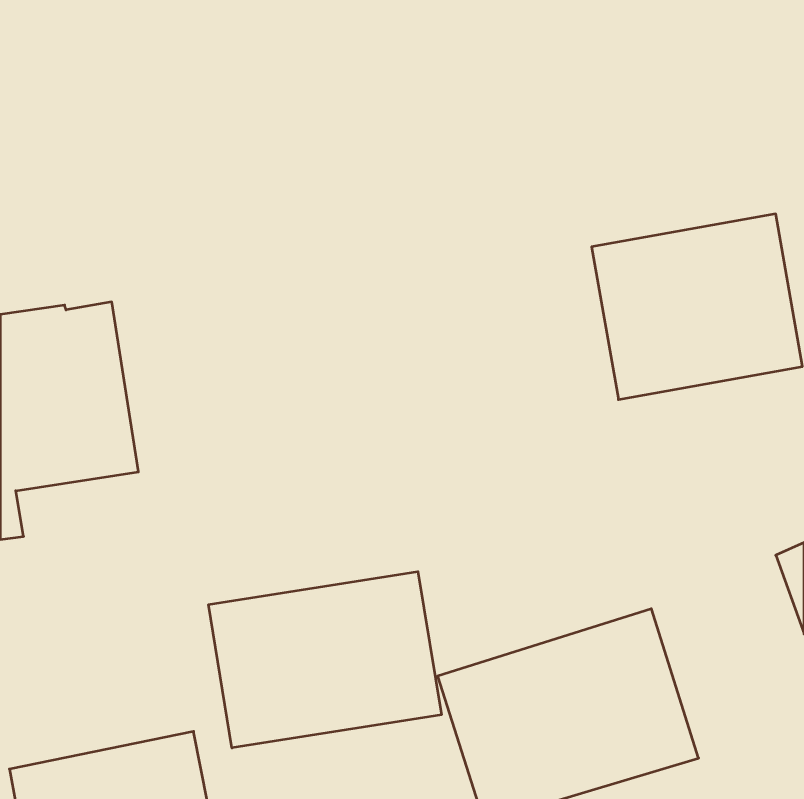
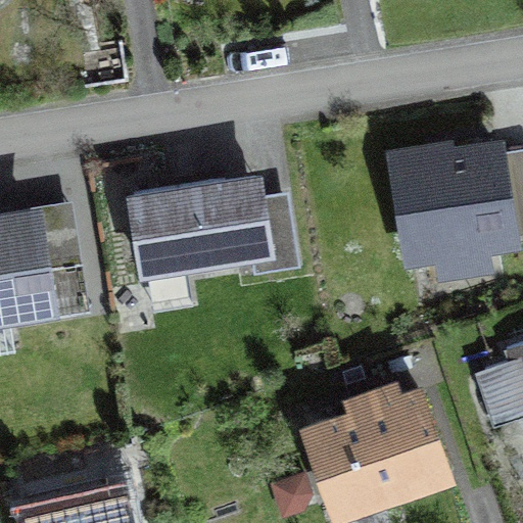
building: none -> [127,170,302,305]
building: [209,572,441,748] -> none

